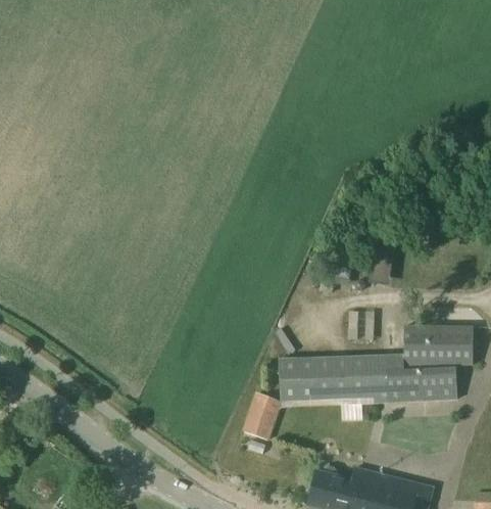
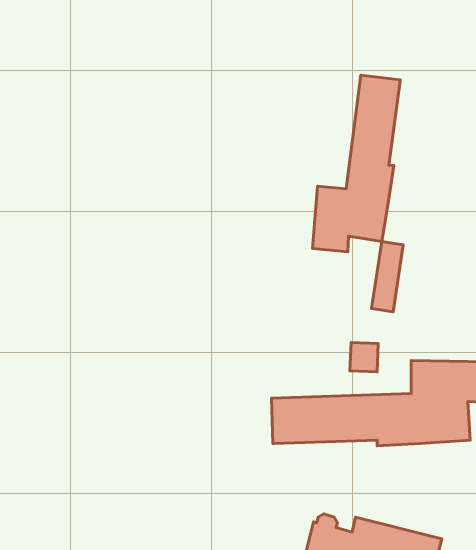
building: none -> [313,75,400,252]
building: [244,392,281,439] -> none

